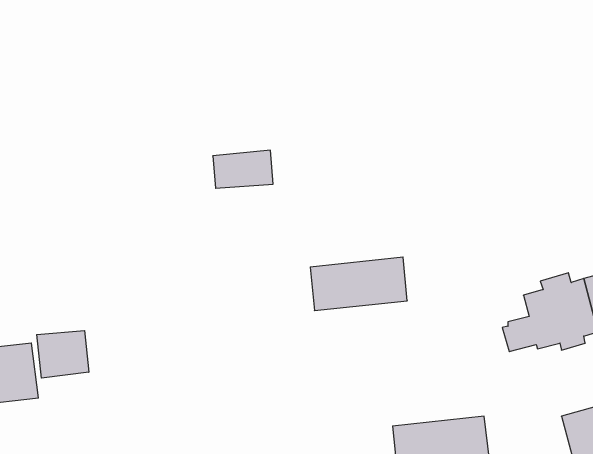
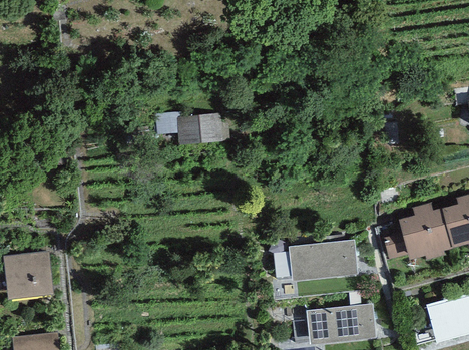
building: [310,257,407,311] -> [288,240,357,278]
building: [37,331,89,378] -> none

